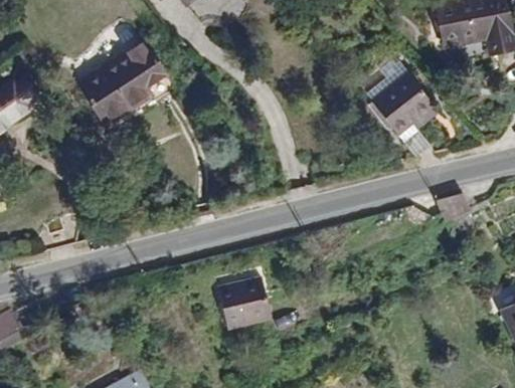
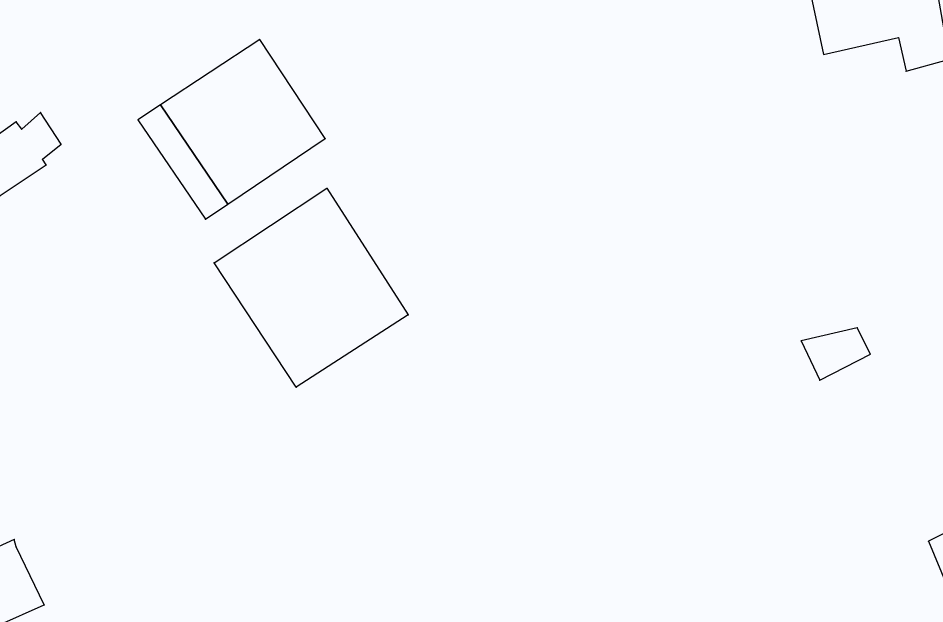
building: [376,76,437,156] -> none
building: none -> [214,188,408,387]
building: [219,278,272,329] -> none

